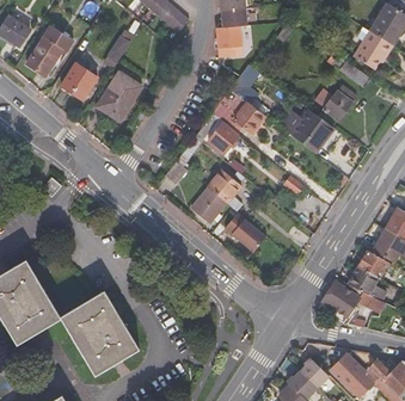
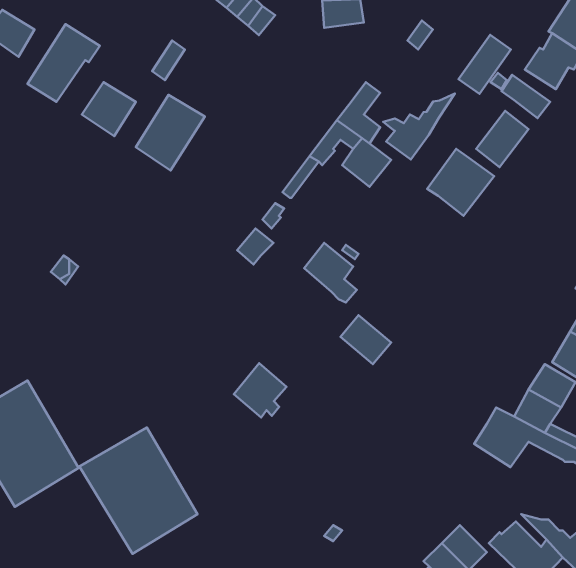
building: [215,25,241,57] -> none
building: none -> [459,35,511,94]
building: none -> [383,93,455,159]
building: [208,121,239,153] -> none
building: [191,186,226,222] -> [234,363,286,418]

